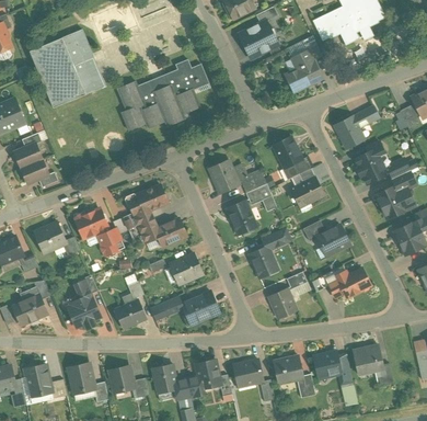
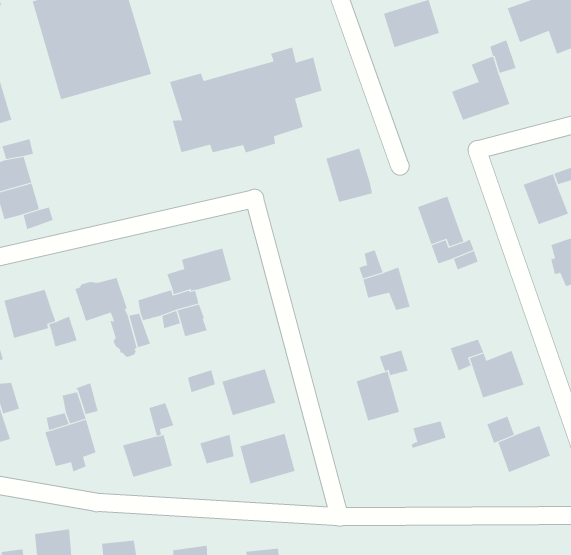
building: [208,159,239,193] -> [325,148,373,202]
building: [290,177,324,207] -> none
building: [226,201,256,235] -> none
building: [153,218,186,247] -> none
building: [267,288,296,318] -> none

